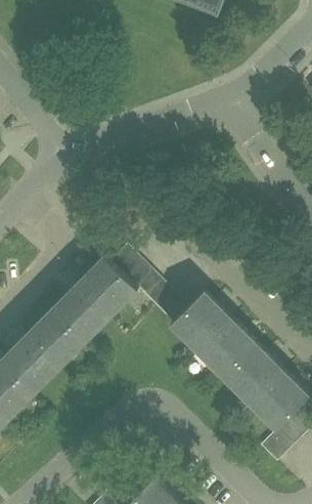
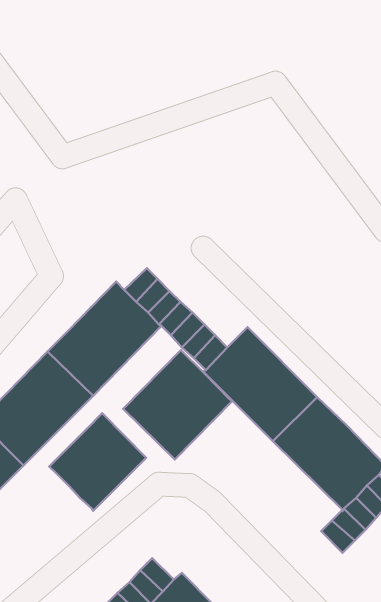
building: none -> [123,350,232,460]
building: none -> [49,413,146,511]

